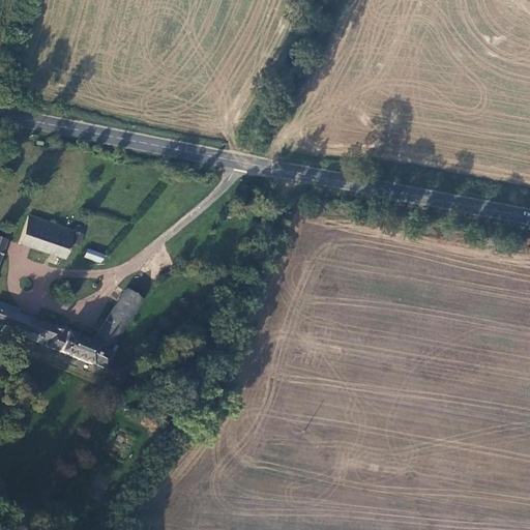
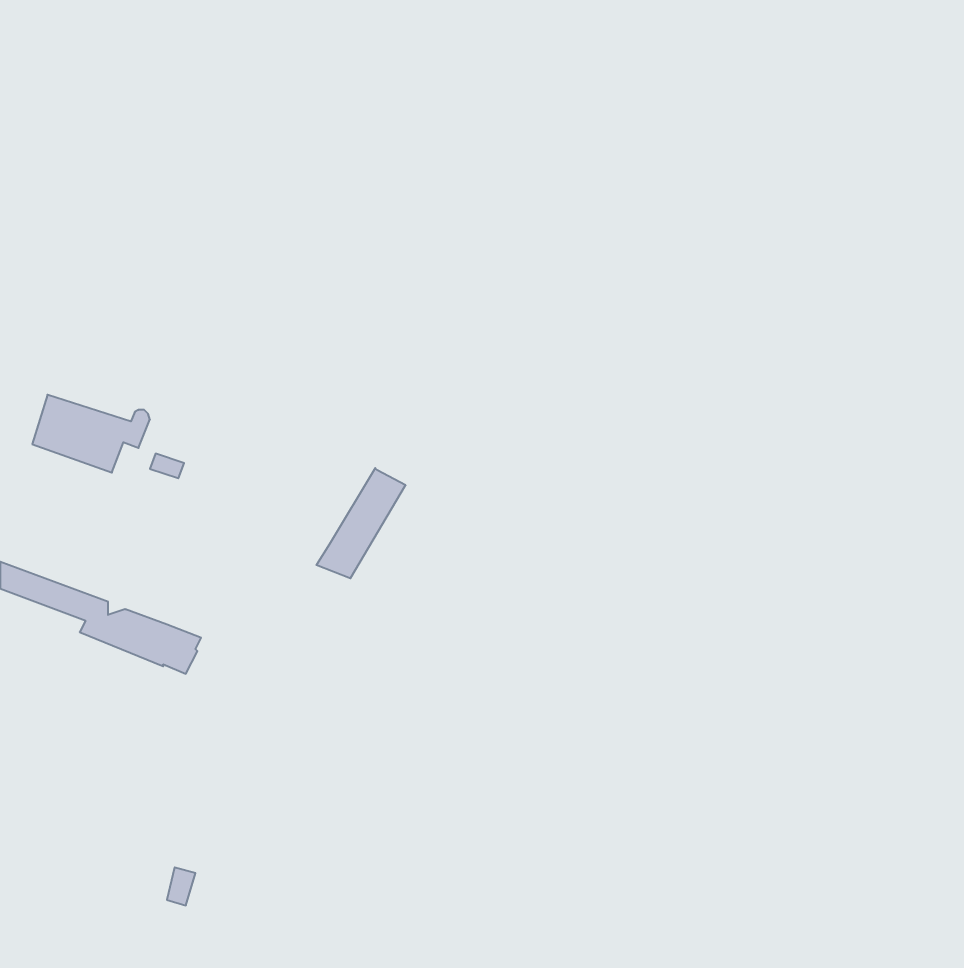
building: [94,288,143,348] -> [316,468,406,578]

